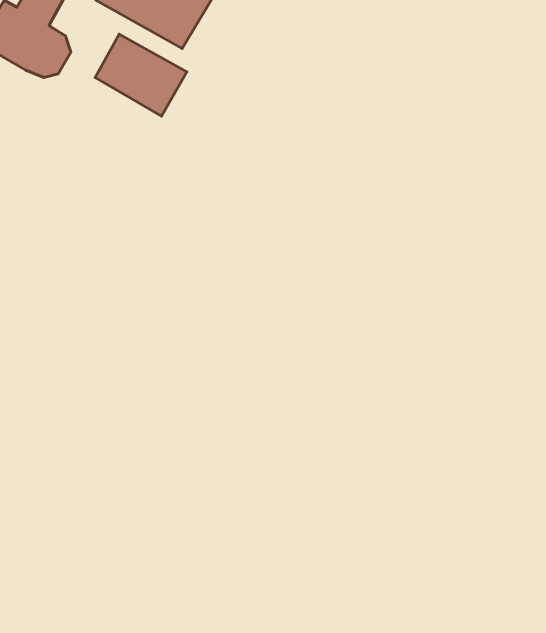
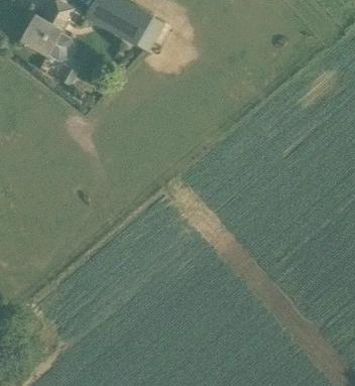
building: [95,34,187,116] -> none

